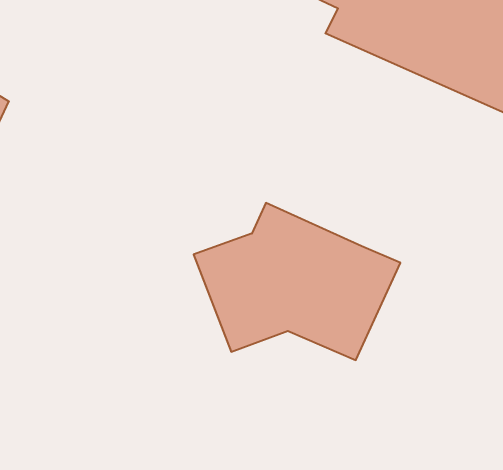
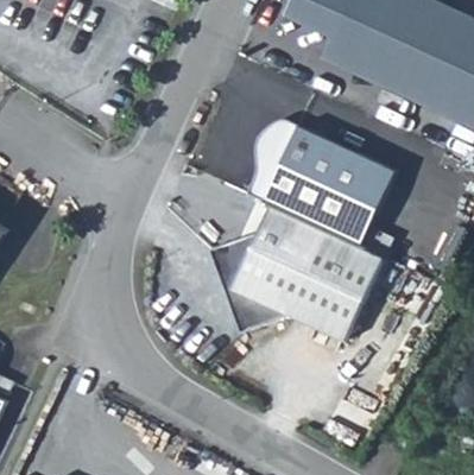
building: none -> [245,116,394,243]

